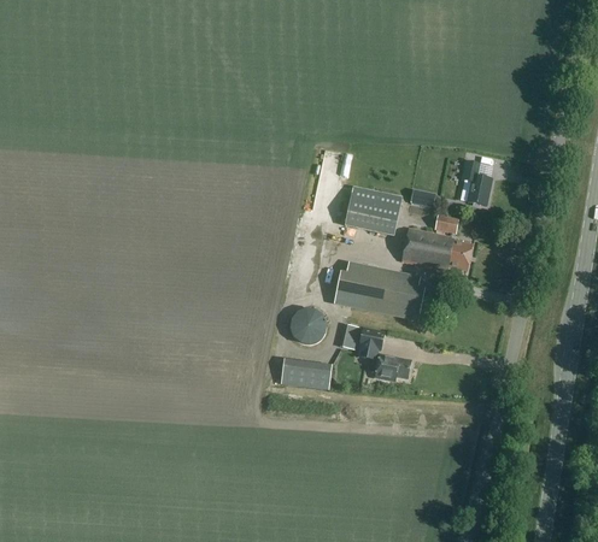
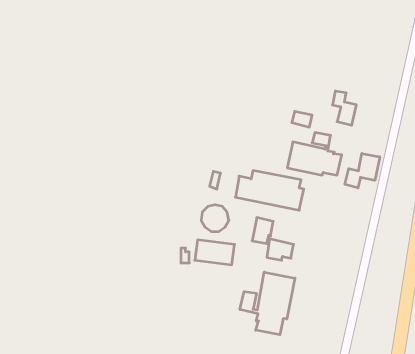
building: [344,187,401,236] -> none
building: none -> [345,153,380,188]
building: none -> [240,272,295,335]

